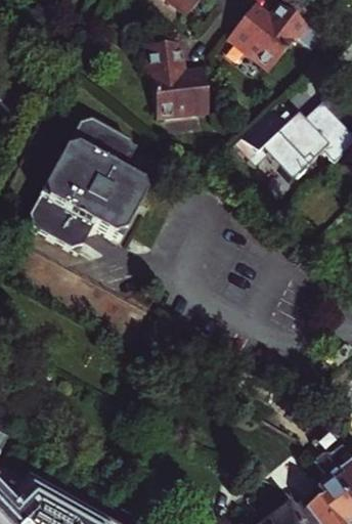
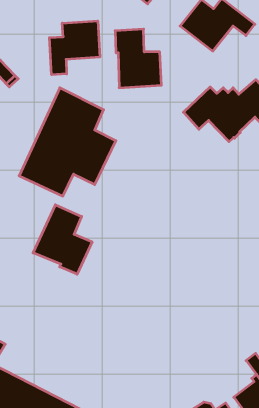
building: none -> [49,21,100,75]
building: none -> [33,205,92,274]

